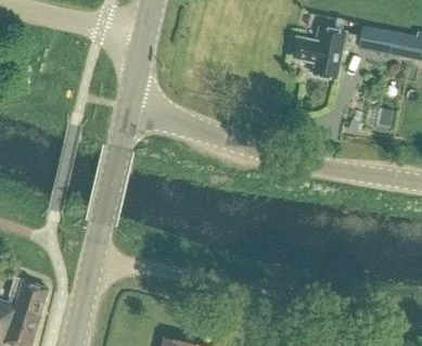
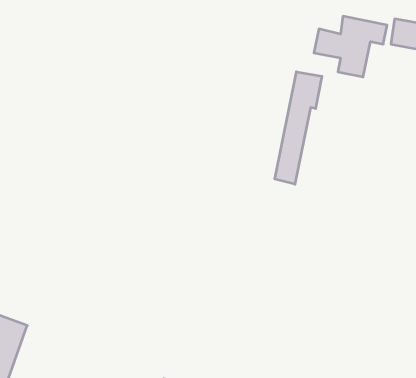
building: none -> [275,72,322,184]

